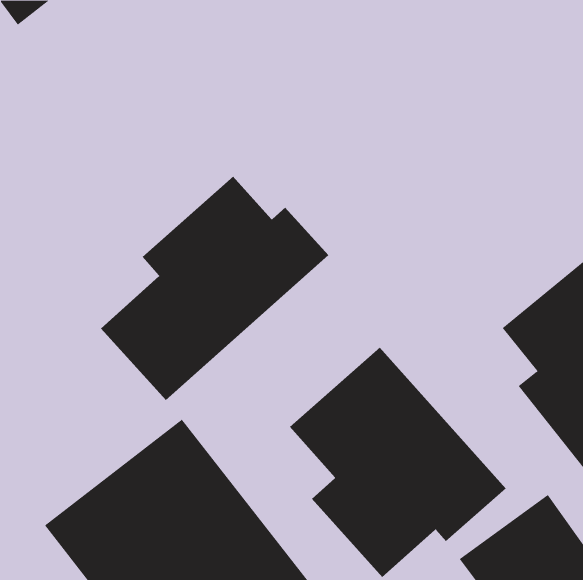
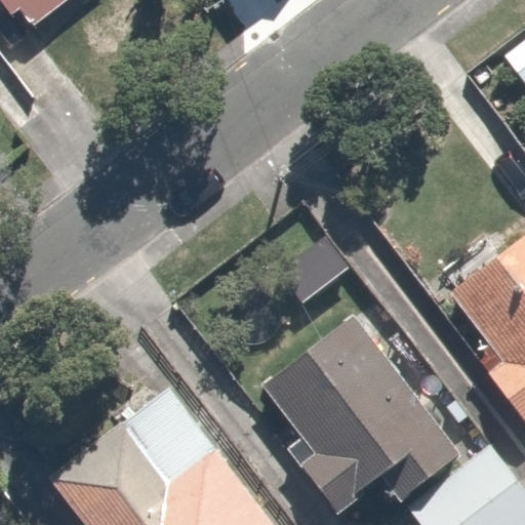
building: [100,176,329,401] -> none

